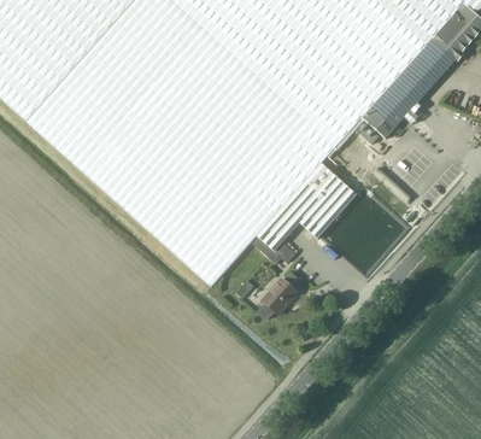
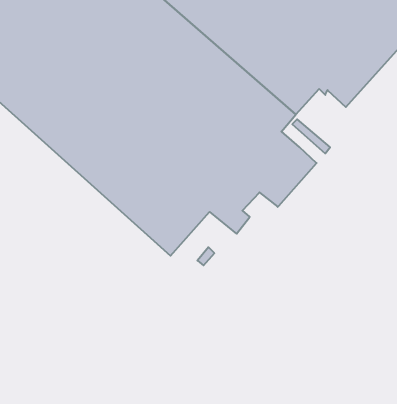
building: [259,277,298,318] -> none

